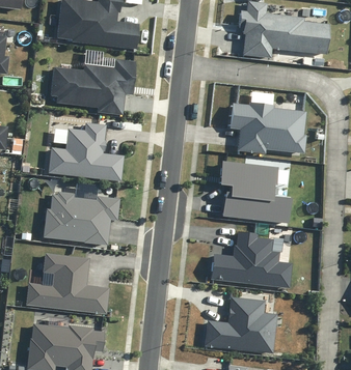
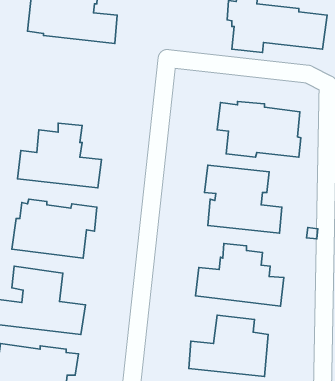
building: [50,59,135,116] -> none

